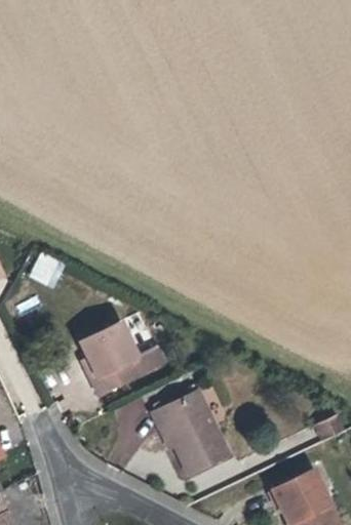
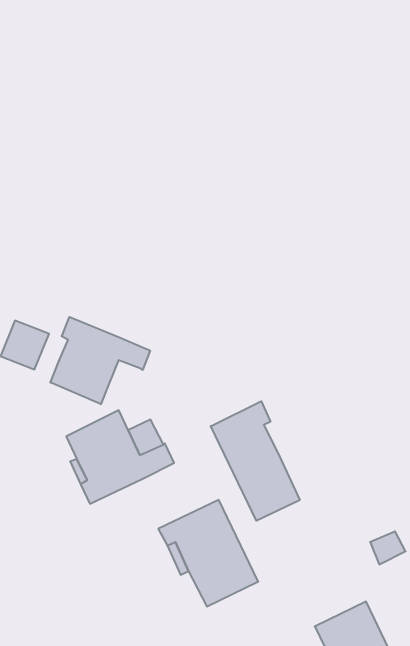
building: none -> [50,317,150,404]
building: none -> [211,401,300,521]

